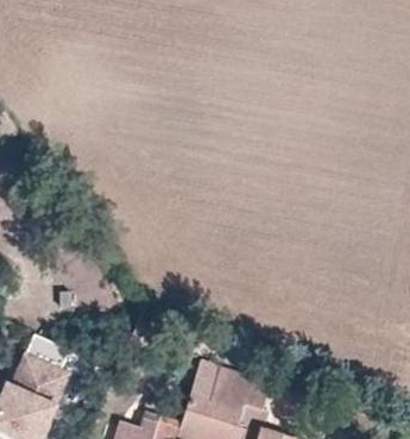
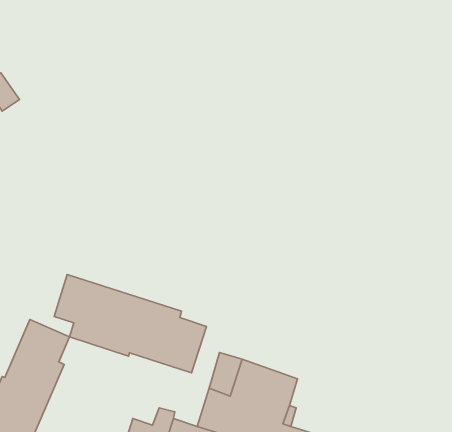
building: none -> [54,274,206,373]

